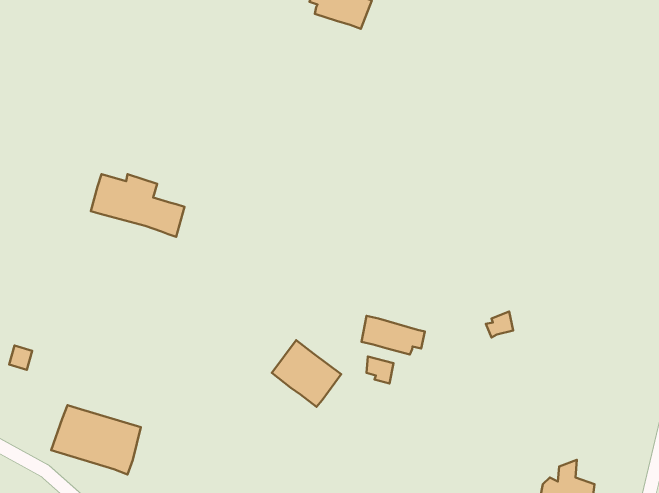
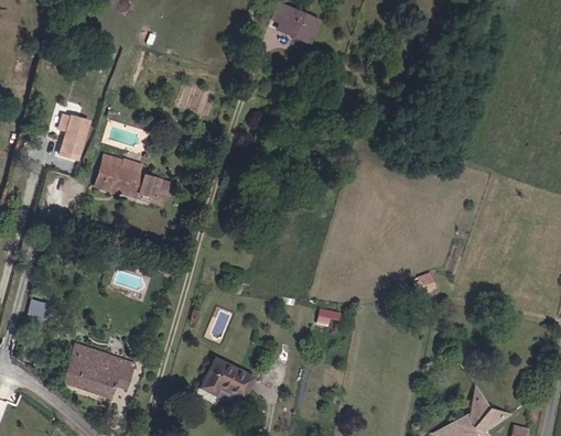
building: none -> [64,119,90,156]
building: [361,316,425,355] -> none
building: [272,340,341,407] -> [198,352,255,406]

